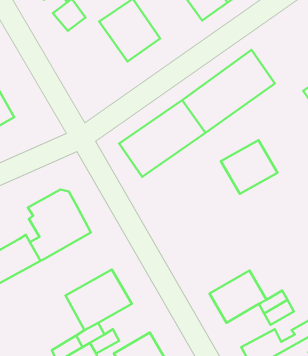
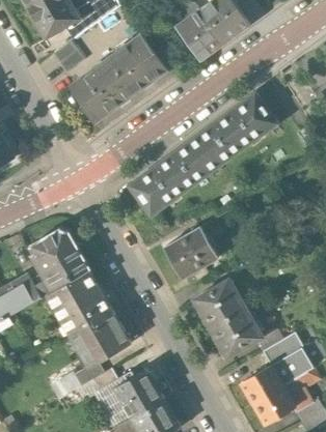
building: none -> [67,62,128,123]
building: [221,140,278,194] -> [164,227,220,280]
building: none -> [46,270,112,333]
building: none -> [192,278,248,330]

